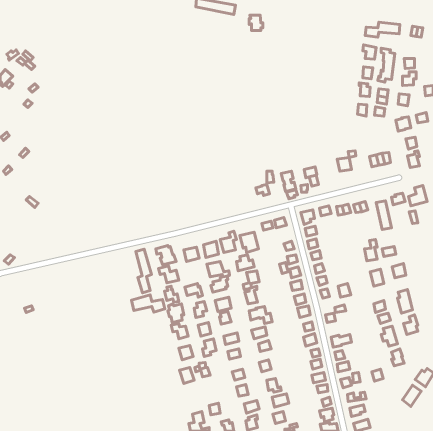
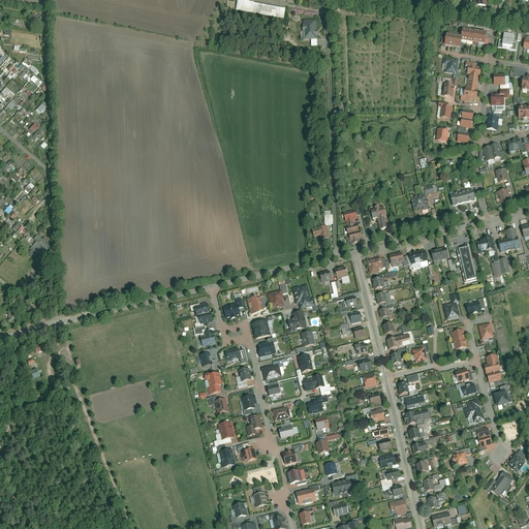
building: [136,249,152,293] -> none
building: [131,295,165,312] -> none

